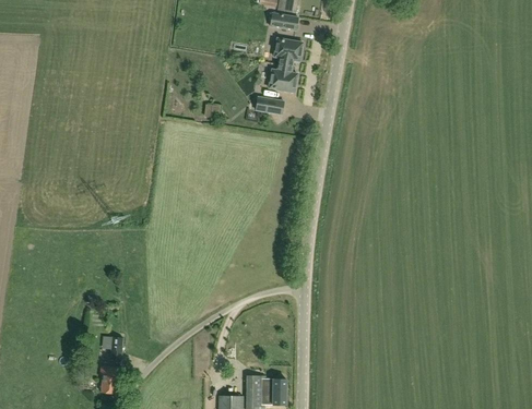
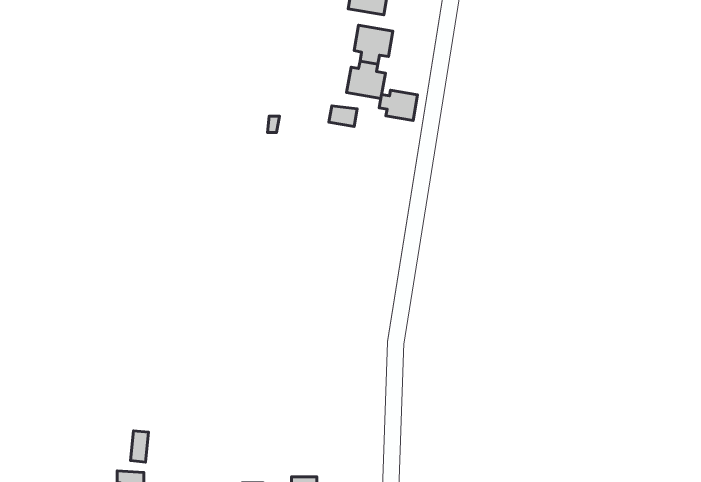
building: none -> [379,90,418,121]

